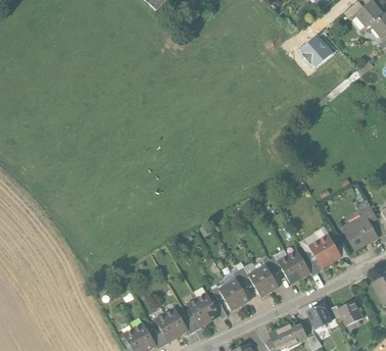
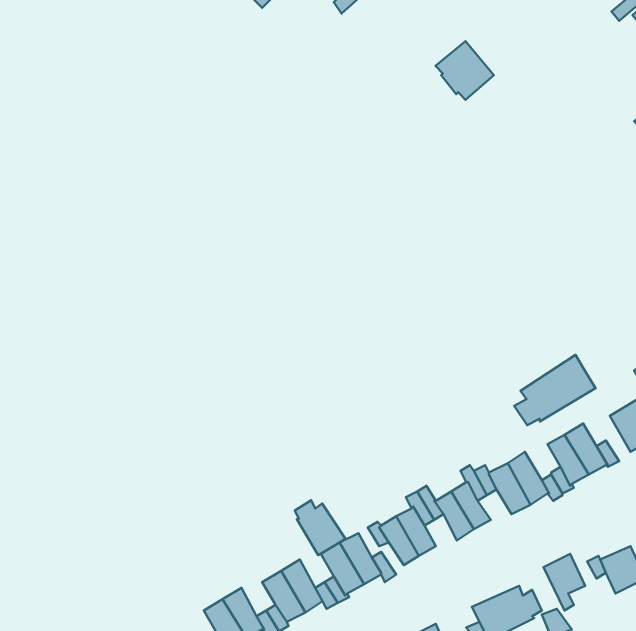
building: [299,36,331,67] -> [435,41,494,100]
building: none -> [514,355,595,425]
building: none -> [295,500,346,555]

